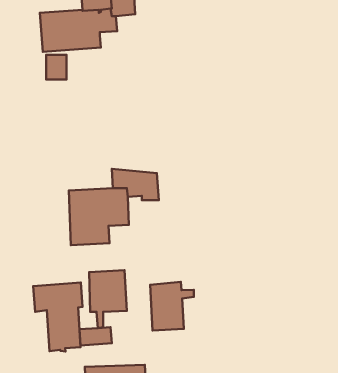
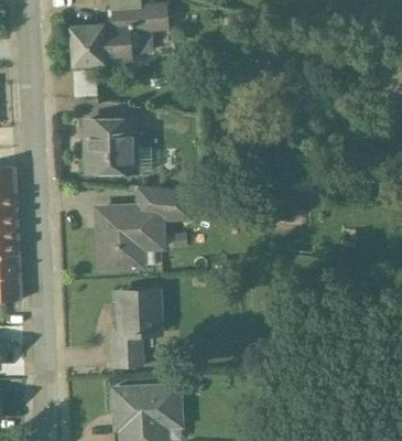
building: none -> [87,121,133,174]
building: [150,282,194,331] -> none
building: [33,283,82,351] -> none

